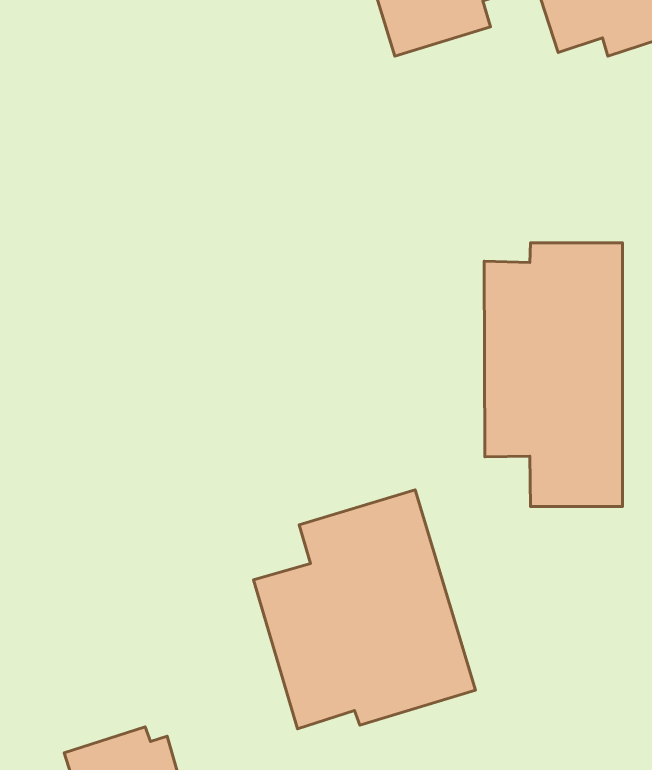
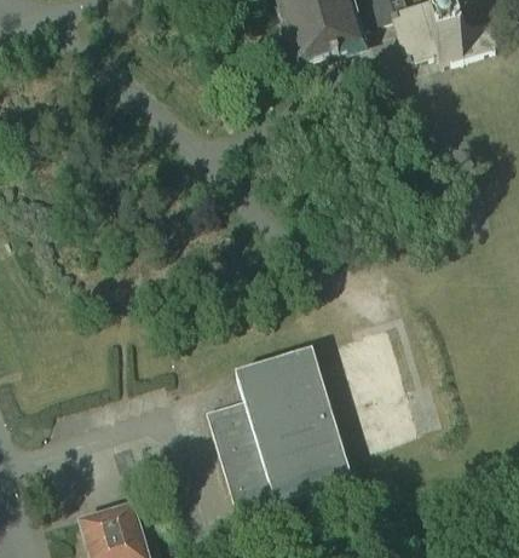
building: [484,243,623,507] -> none

